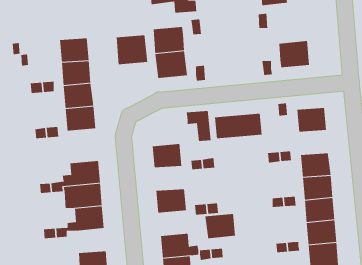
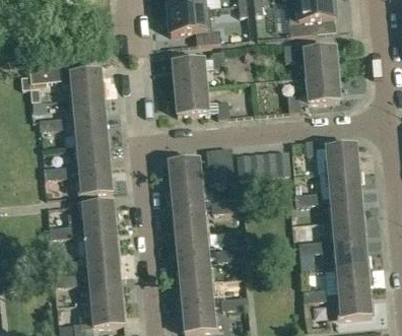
building: none -> [304,41,337,70]
building: [116,34,148,65] -> none
building: none -> [168,153,200,181]
building: none -> [78,161,112,189]
building: none -> [327,163,359,190]
building: none -> [172,202,205,228]
building: [205,213,236,239] -> [176,250,209,277]
building: none -> [88,269,121,295]

